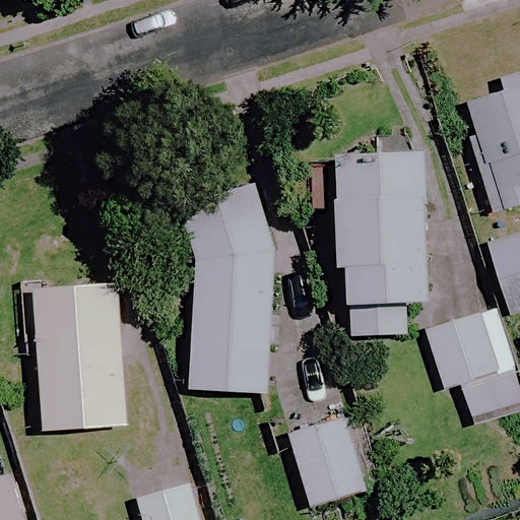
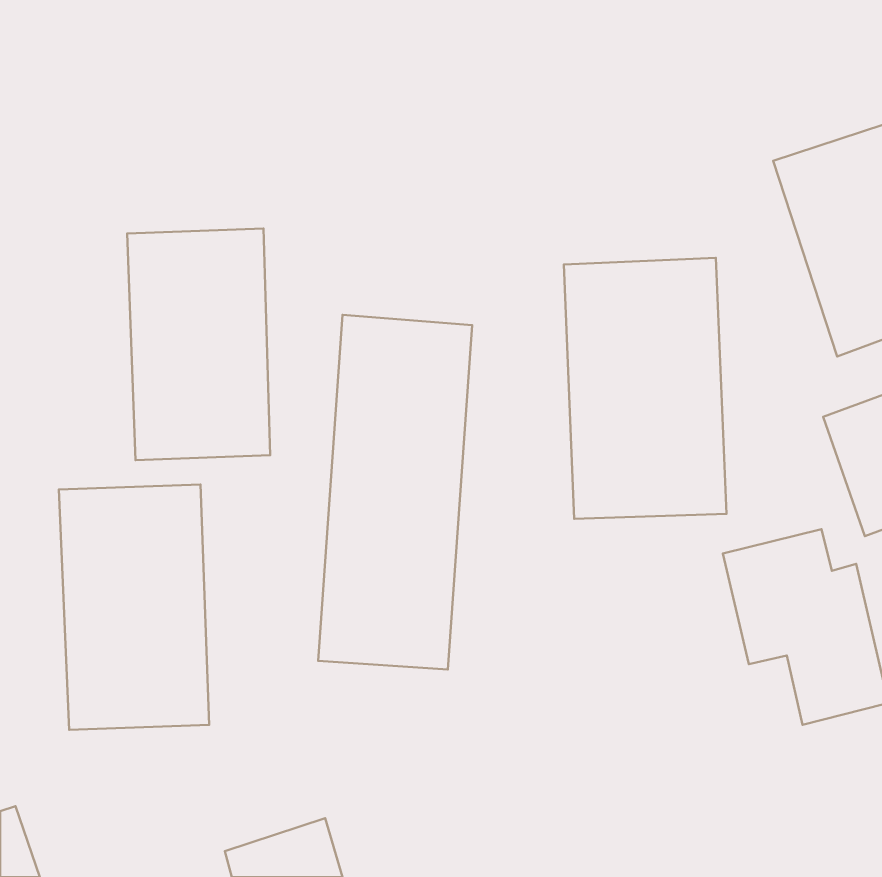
building: none -> [127,228,270,460]
building: [287,416,370,508] -> none

